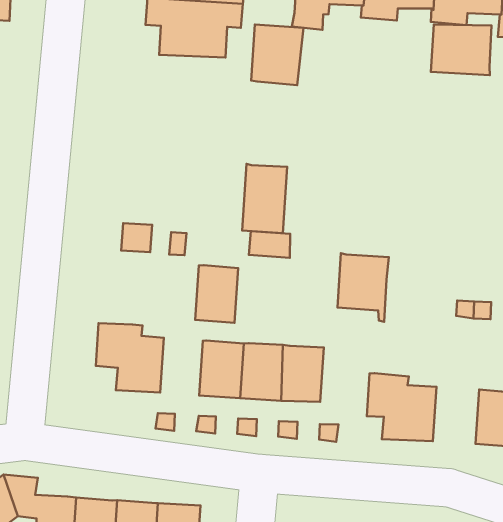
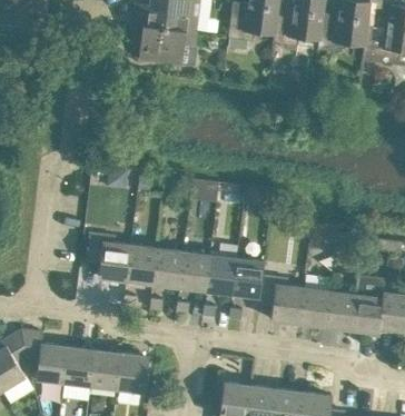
building: [431,24,491,75] -> none
building: [251,25,303,85] -> none
building: [242,164,287,233] -> none
building: [337,253,389,322] -> [231,258,267,305]
building: [195,265,238,323] -> [127,246,157,285]
building: none -> [304,288,336,327]

